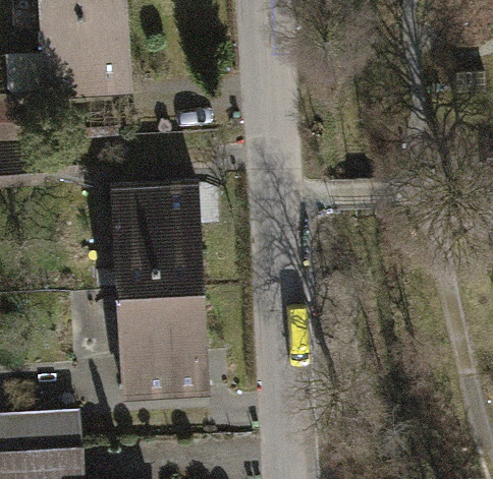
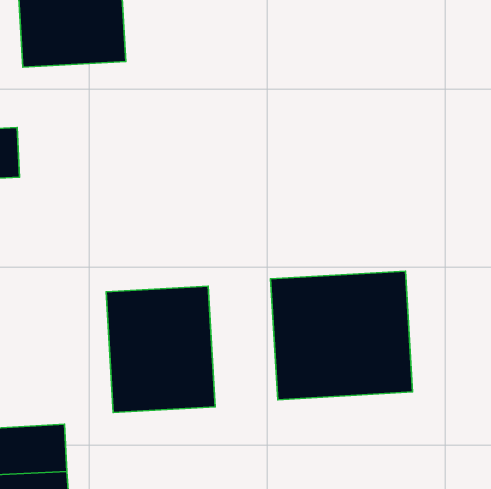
building: [109,182,205,293] -> none
building: none -> [271,271,413,400]

